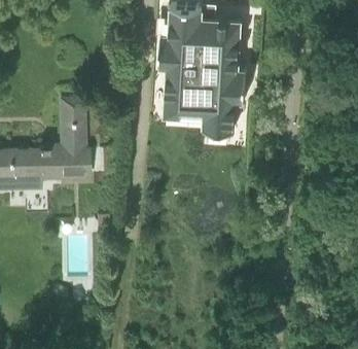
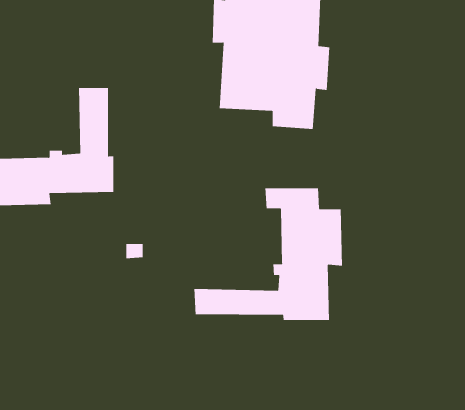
building: none -> [194,187,343,321]

